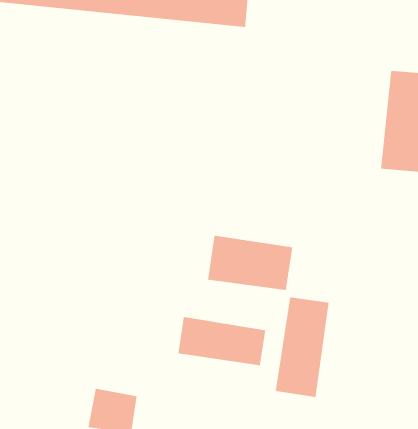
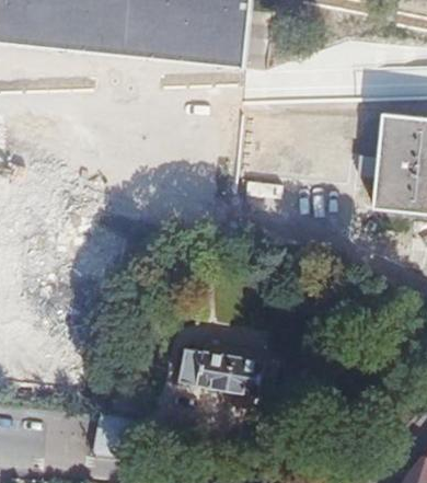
building: [207,235,293,291] -> none
building: [275,296,330,398] -> none

